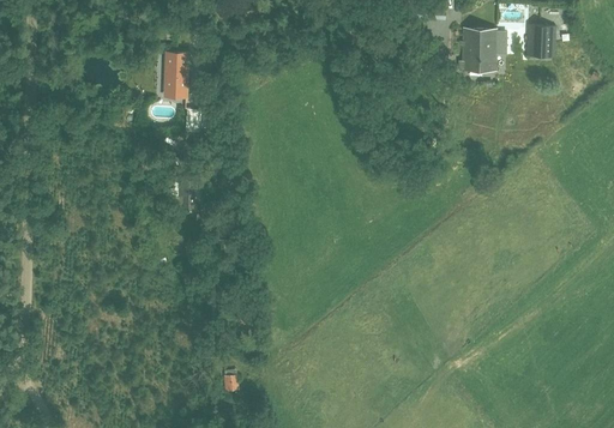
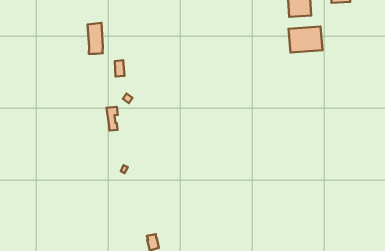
building: none -> [289,27,322,52]

